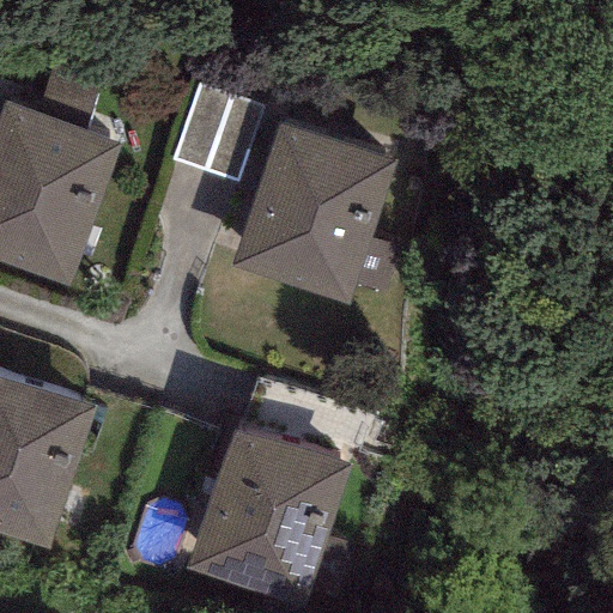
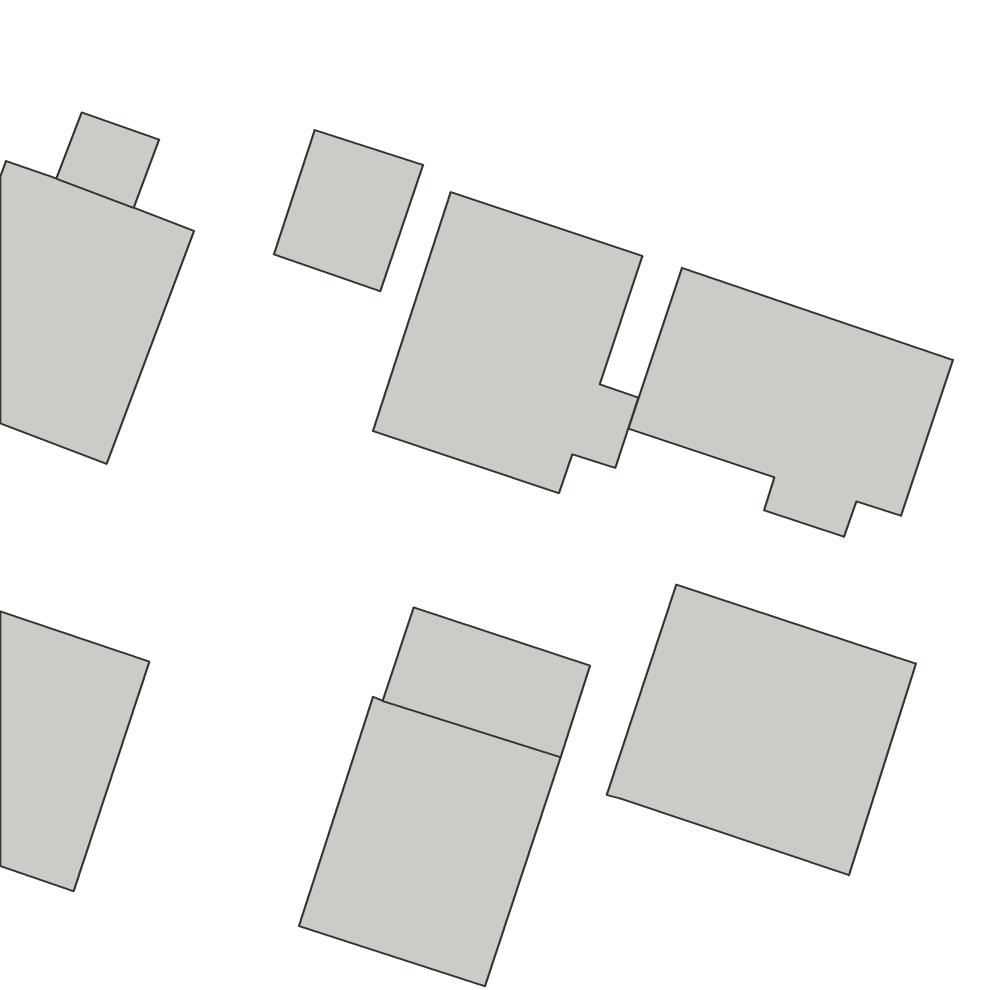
building: none -> [628,268,953,537]
building: none -> [607,585,916,875]

